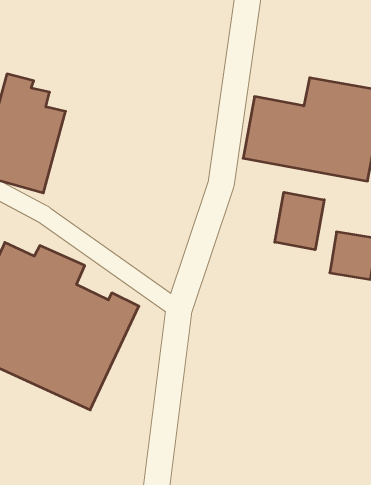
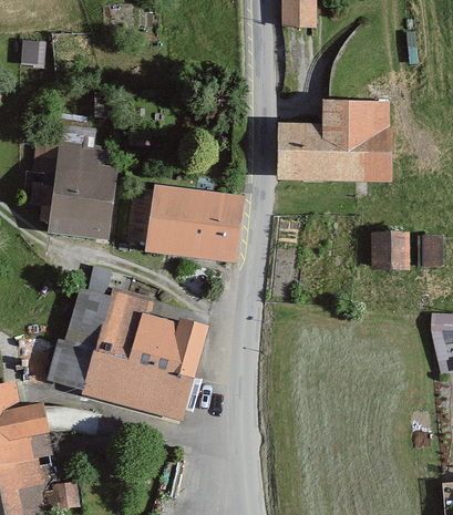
building: none -> [128,185,243,261]
building: [275,192,324,250] -> none

